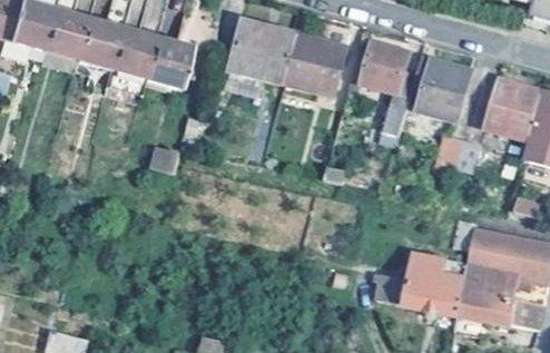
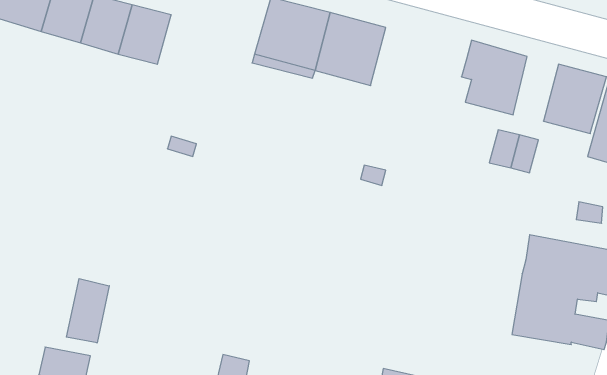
building: [144,35,190,88] -> none
building: [360,41,416,145] -> none
building: [372,253,465,316] -> none
building: none -> [66,279,109,343]

